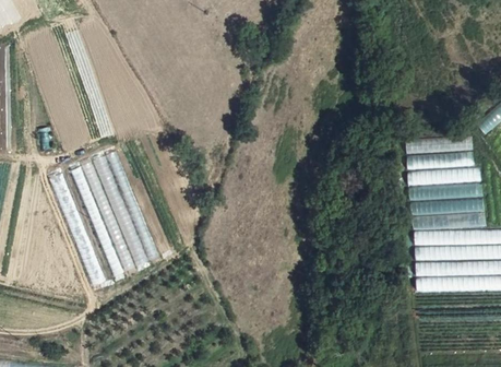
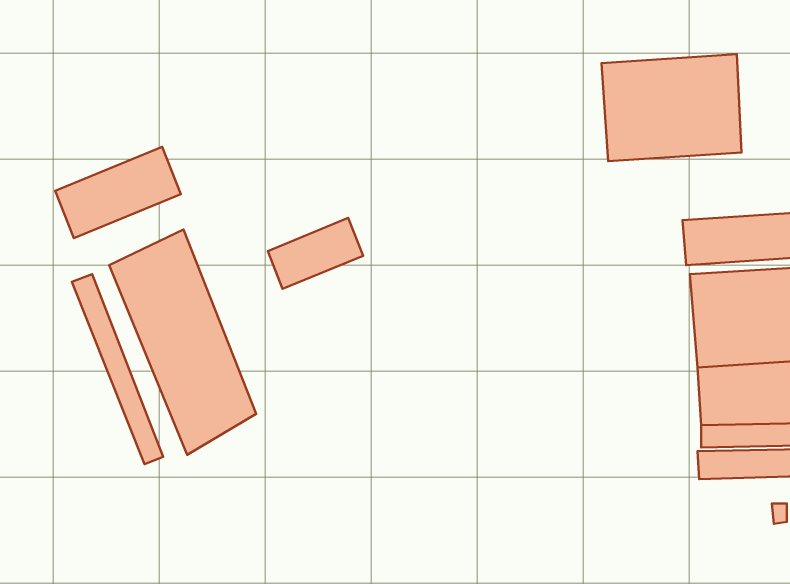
building: none -> [601,54,741,161]
building: none -> [55,147,181,238]
building: none -> [268,218,363,289]

